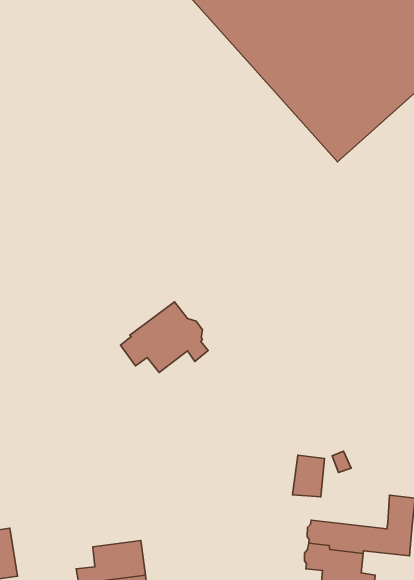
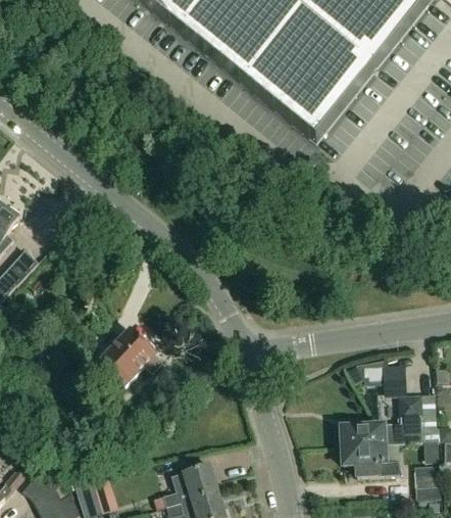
building: [120,302,208,372] -> [92,328,161,385]
building: [293,455,325,497] -> [384,364,407,396]

